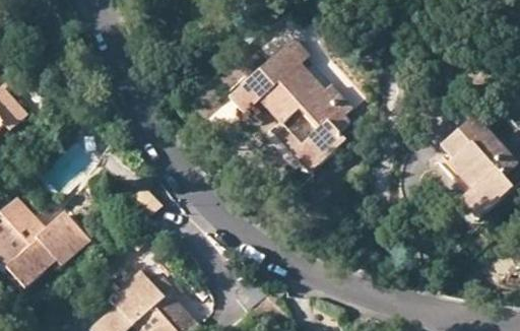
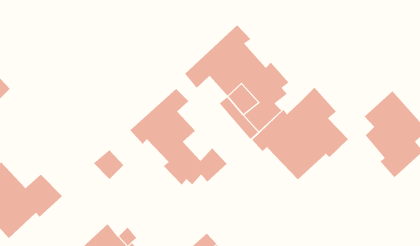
building: none -> [252,87,349,180]
building: none -> [130,88,228,185]

